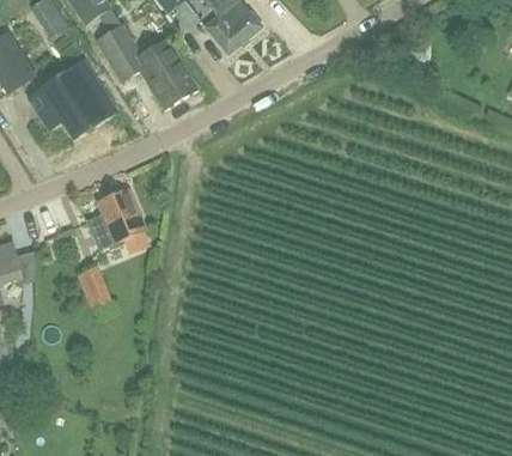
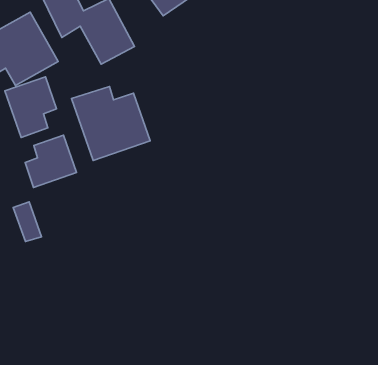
building: none -> [5,77,57,137]
building: none -> [72,86,150,160]

